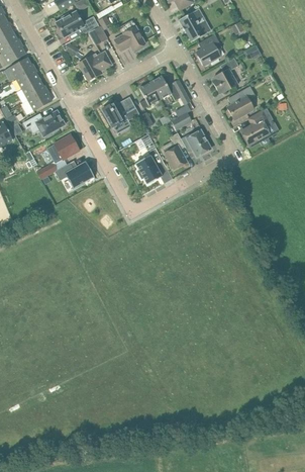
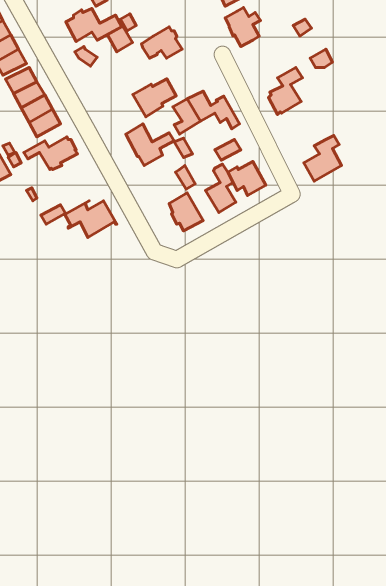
building: [198,33,221,65] -> none
building: [78,51,111,80] -> [133,79,176,117]
building: [226,85,255,119] -> none
building: [46,134,79,163] -> none

